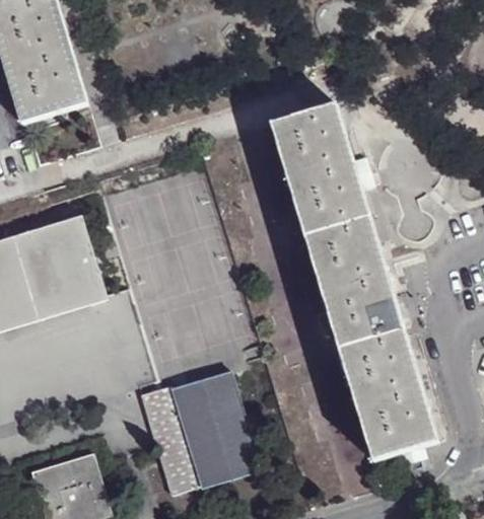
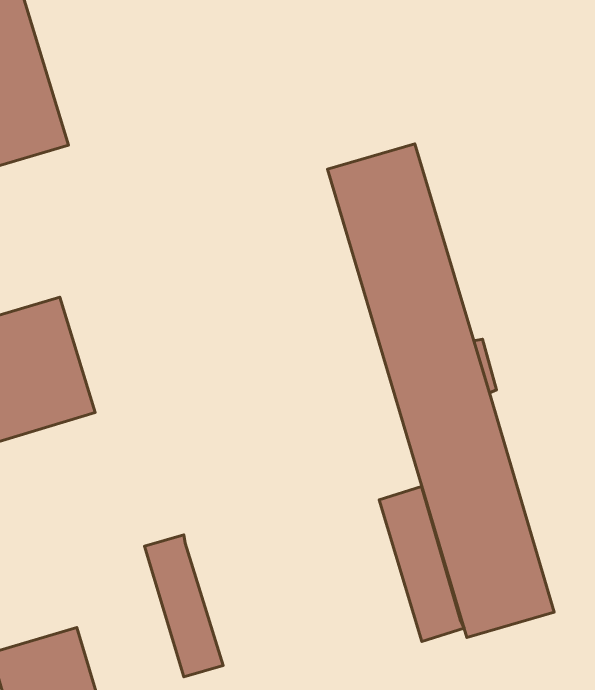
building: none -> [379,487,464,641]
building: [169,376,256,488] -> none

